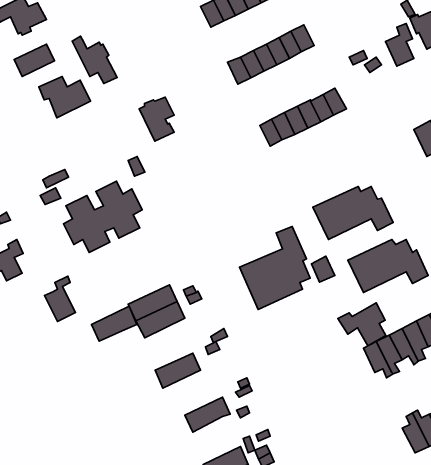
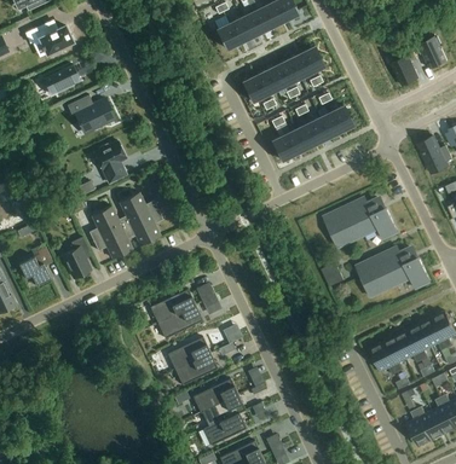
building: [72,36,117,83] -> none
building: [139,97,174,141] -> [94,141,127,182]
building: [239,227,310,310] -> none
building: [44,276,75,321] -> [62,236,91,278]
building: [338,303,386,346] -> none
building: [92,306,137,341] -> [168,336,210,369]
building: none -> [194,378,238,412]
building: none -> [203,412,247,446]

